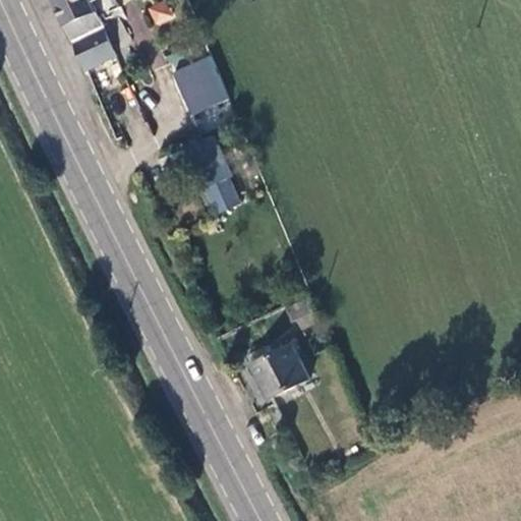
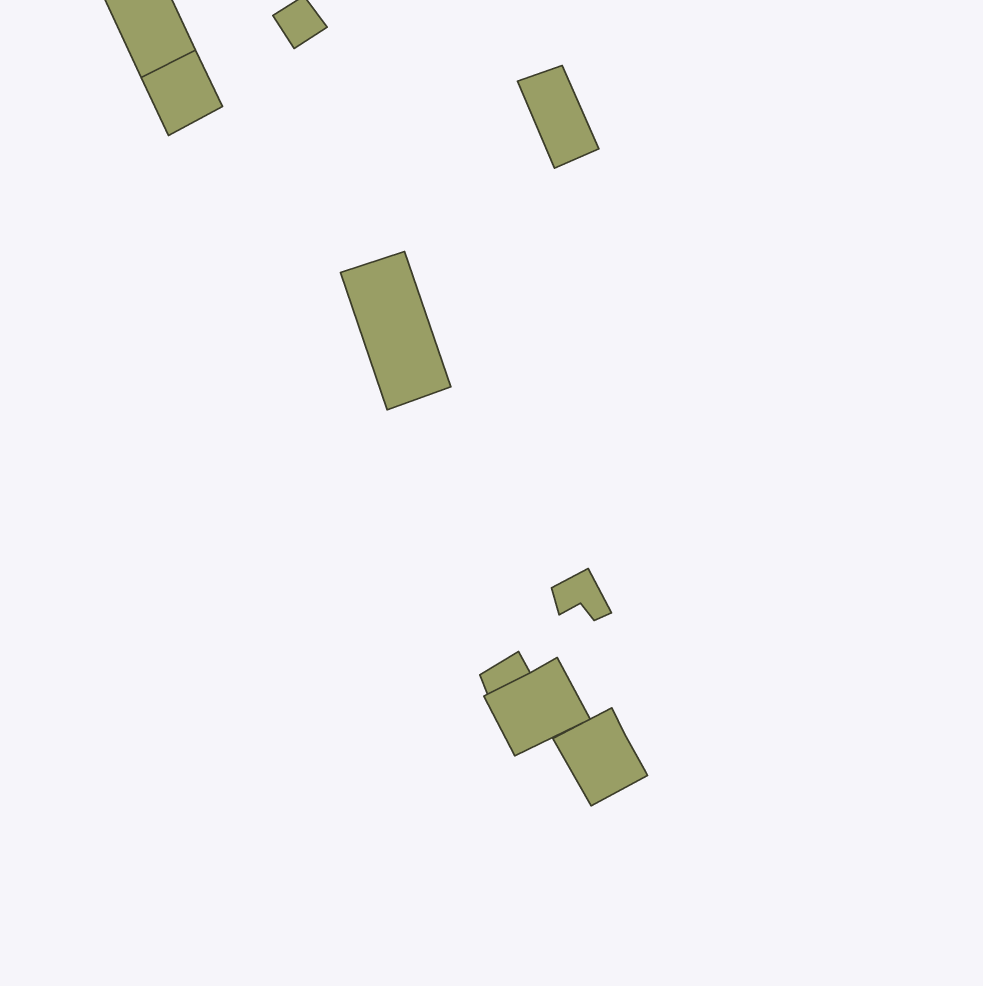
building: [176,58,219,112] -> [518,66,599,168]
building: none -> [553,708,648,806]

